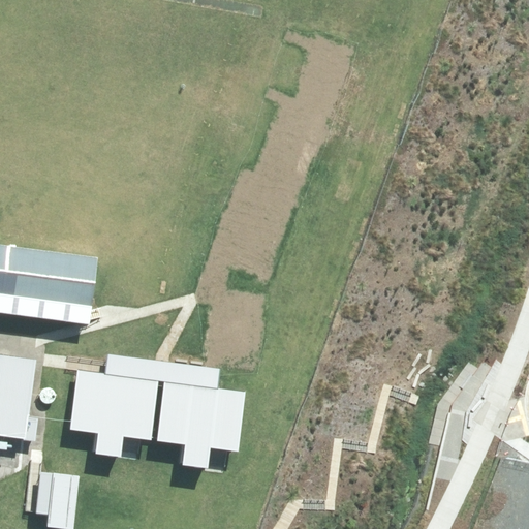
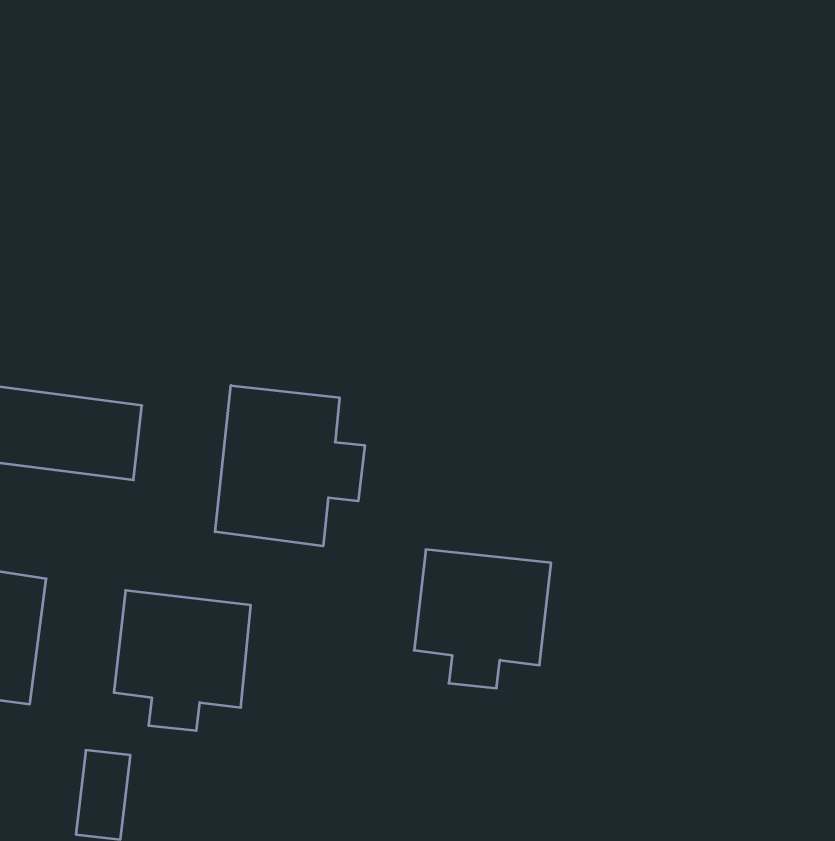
building: none -> [215,385,365,546]
building: [159,380,245,467] -> [414,550,551,688]

